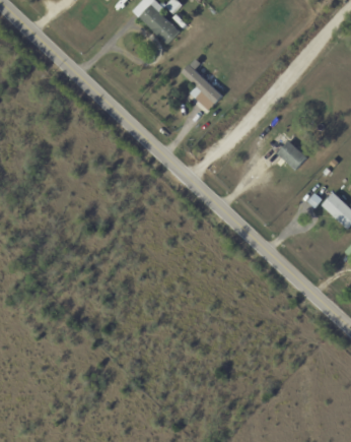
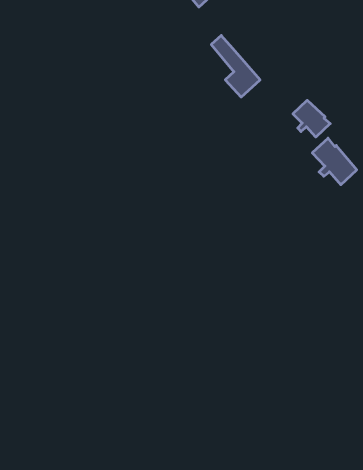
building: none -> [293,100,330,137]

